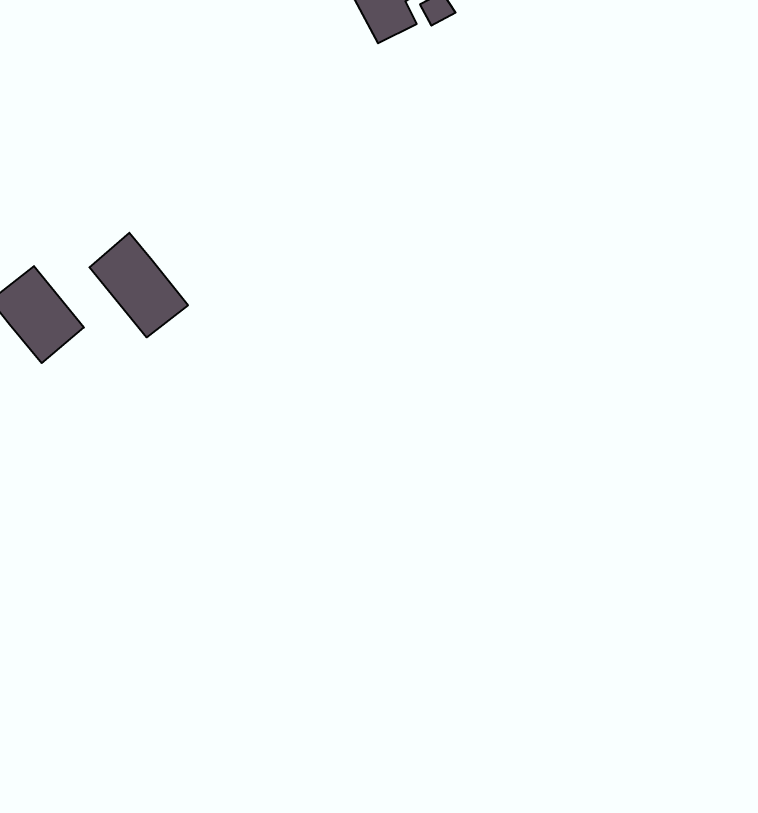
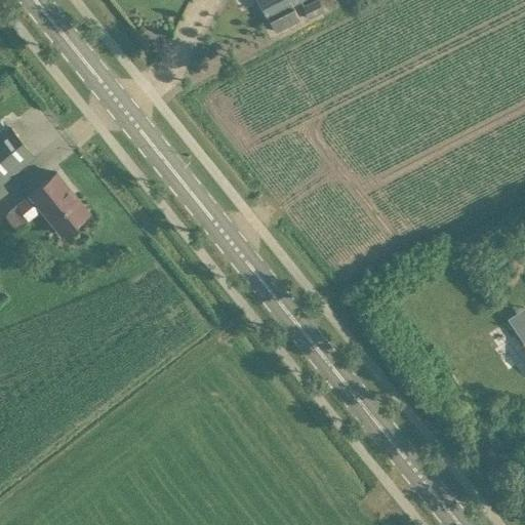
building: [89,233,188,337] -> none

